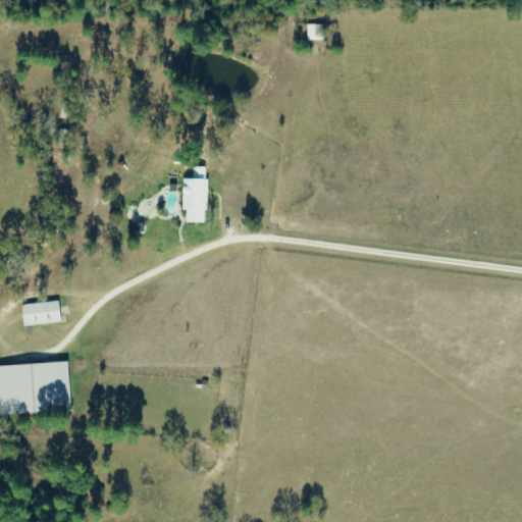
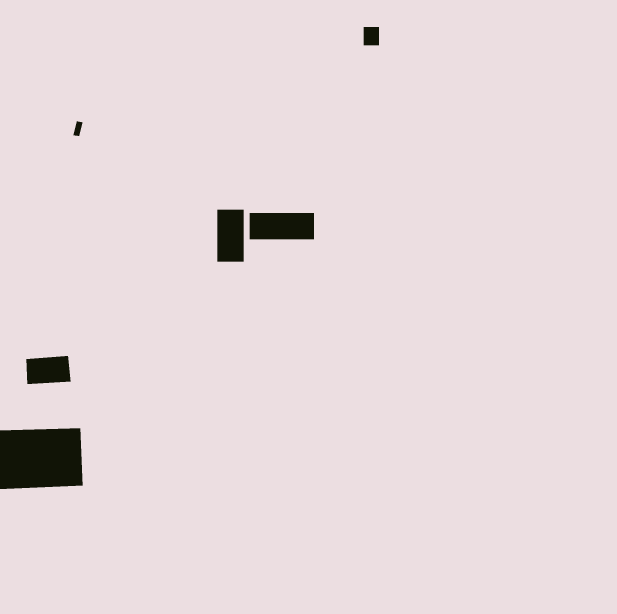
building: none -> [249,212,314,240]

